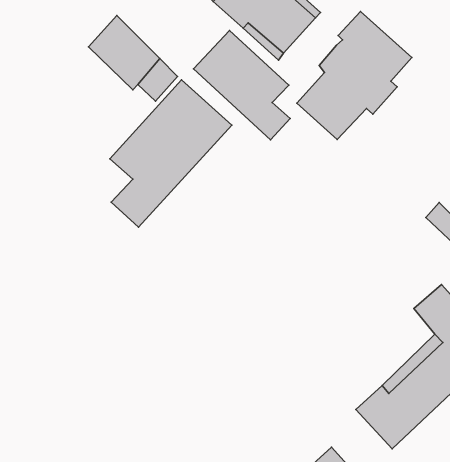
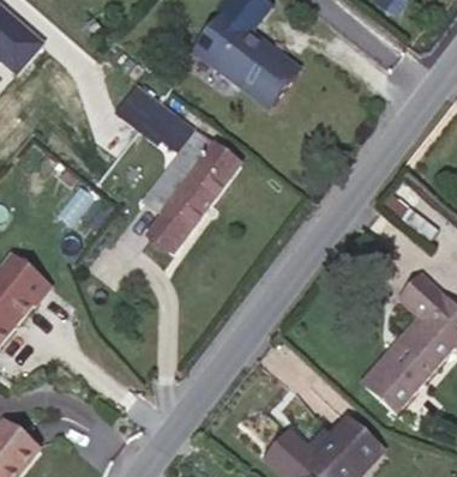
building: [297,12,412,139] -> none
building: [193,30,290,140] -> none

